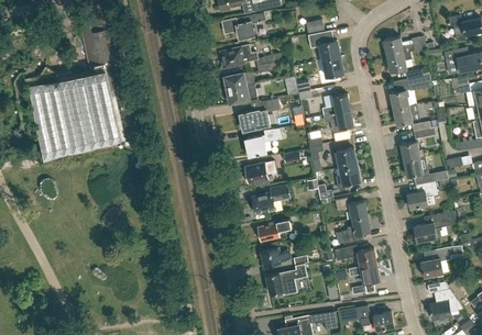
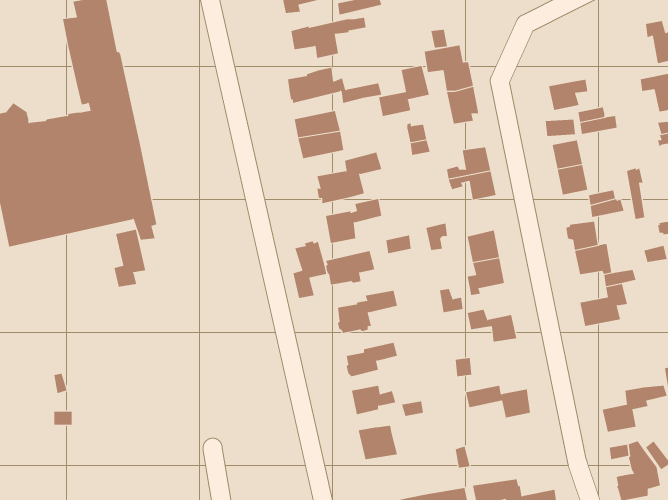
building: [383,36,425,56] -> none
building: none -> [378,65,430,117]
building: none -> [114,229,146,288]
building: none -> [293,240,327,299]
building: [413,212,450,242] -> none
building: [340,216,370,243] -> none
building: [348,264,379,294] -> none

